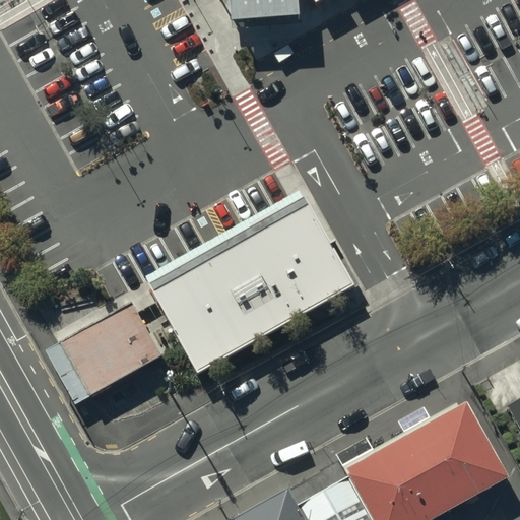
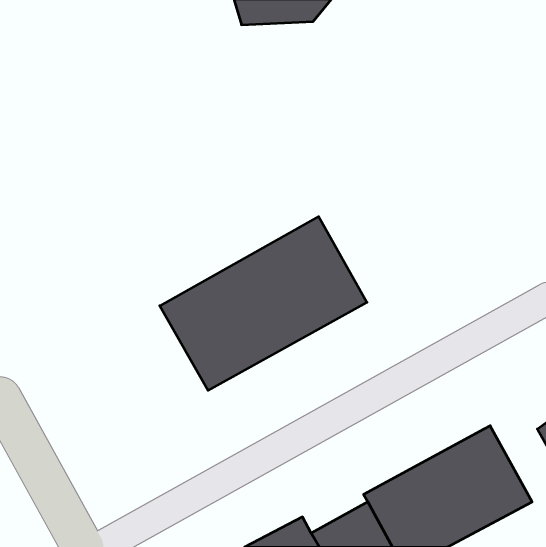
building: [61,304,160,394] -> none

